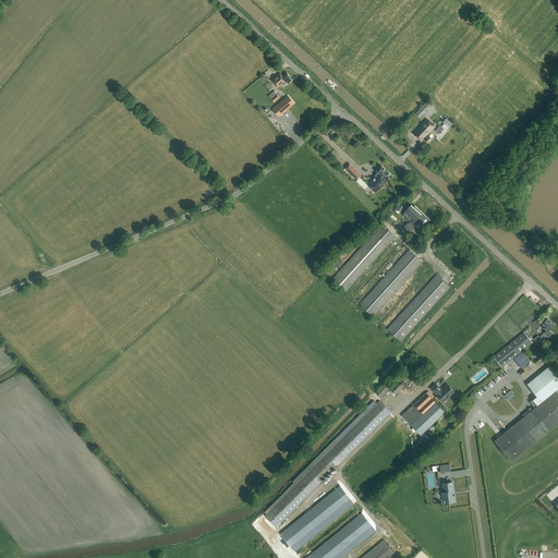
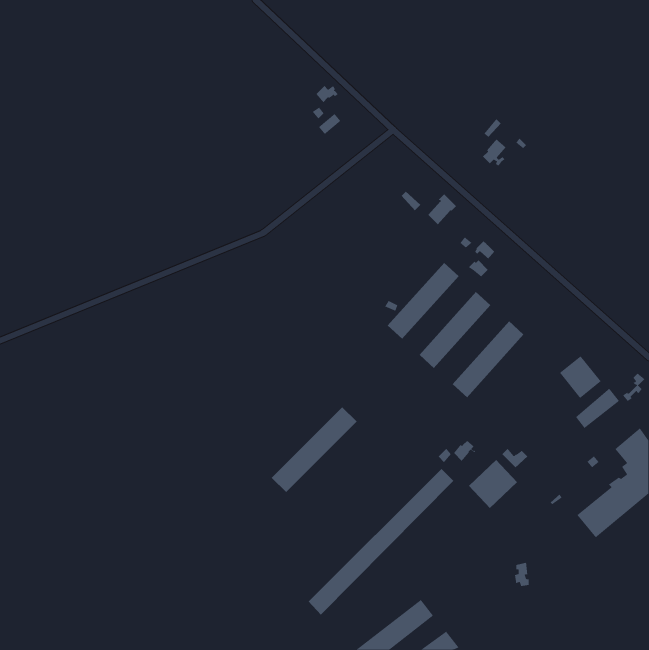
building: none -> [559,355,602,399]
building: none -> [271,406,358,493]
building: [279,486,350,548] -> none

